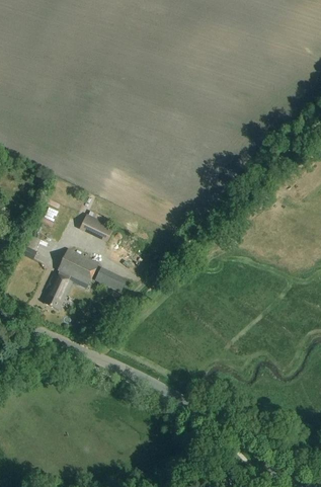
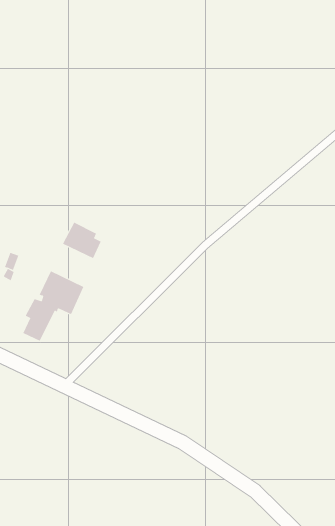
building: [94,265,127,292] -> none

